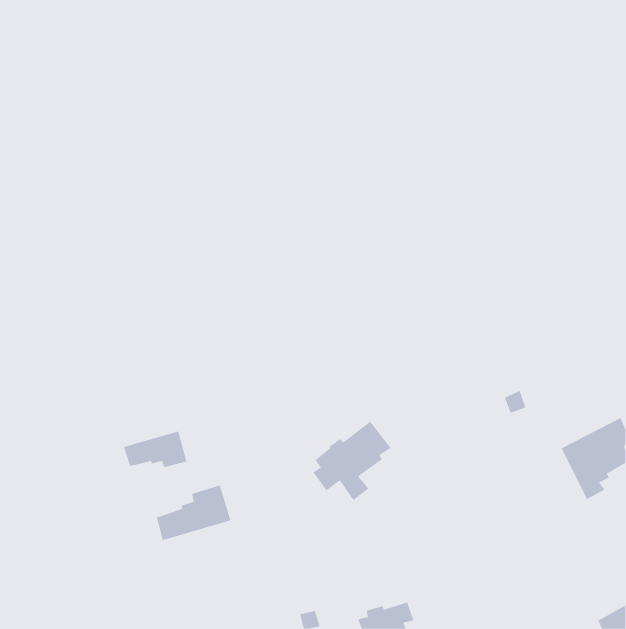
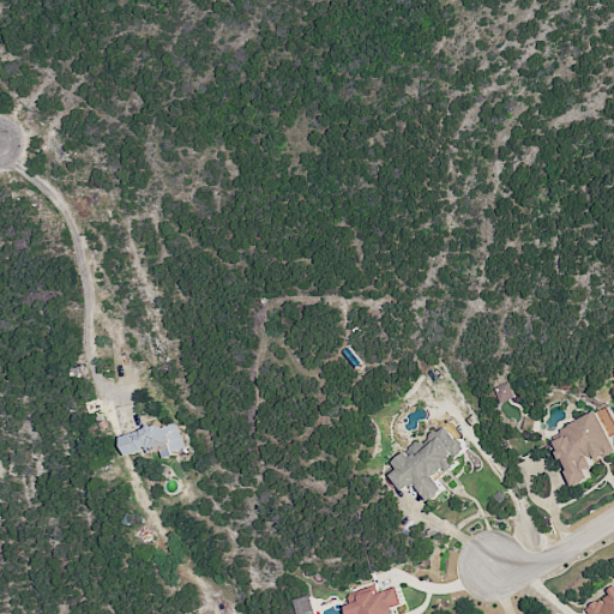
building: [313,421,391,501] -> [387,423,464,501]
building: [156,485,231,541] -> none

